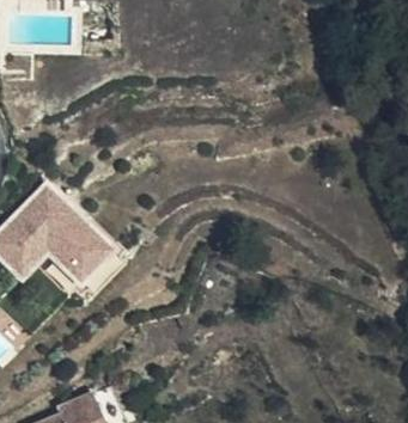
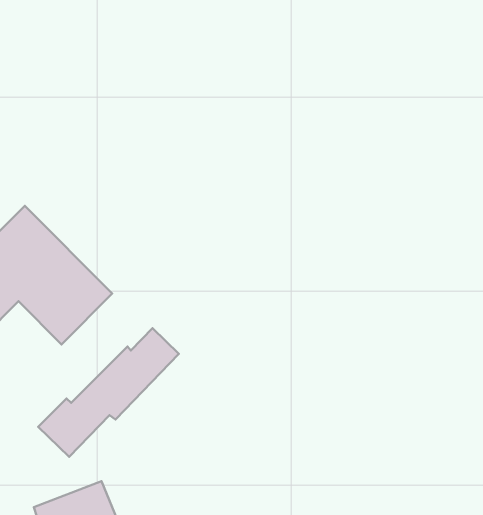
building: none -> [38,328,179,457]

